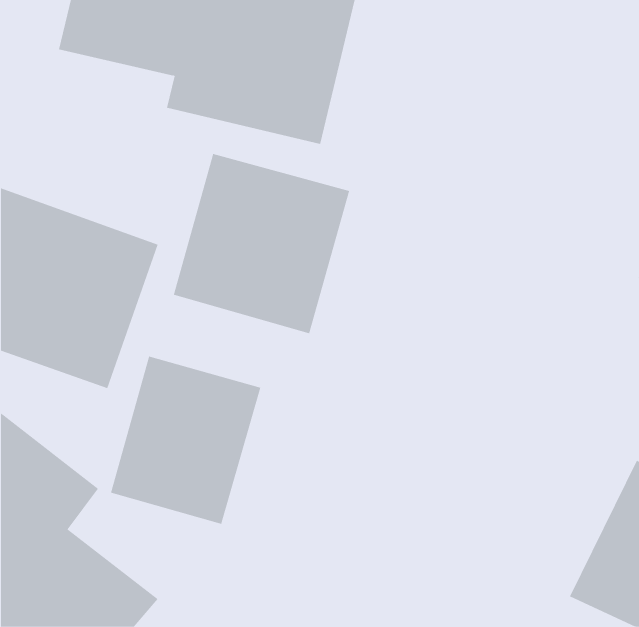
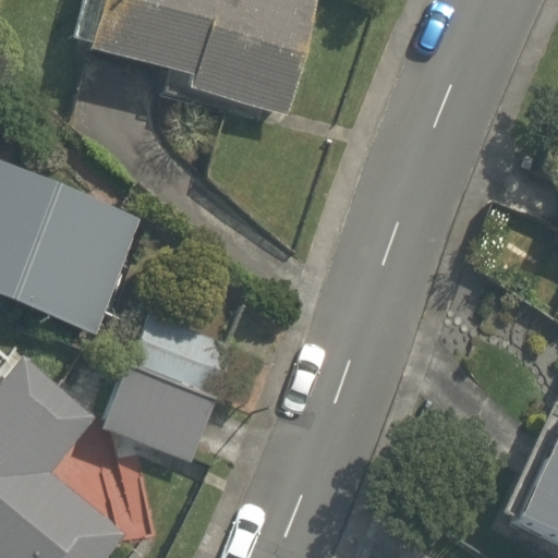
building: [173,153,350,334] -> none

